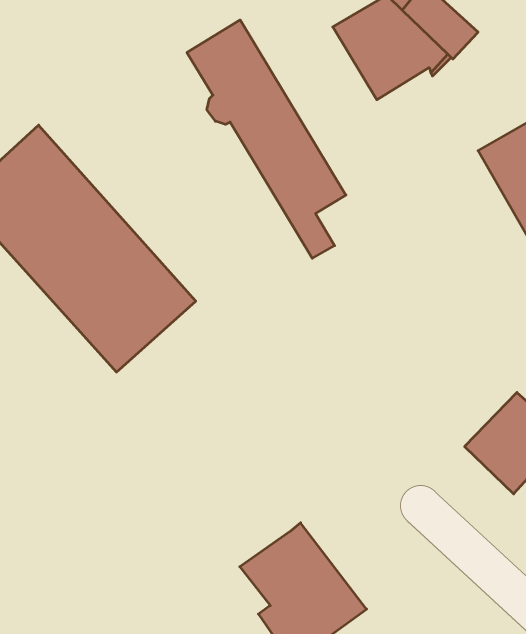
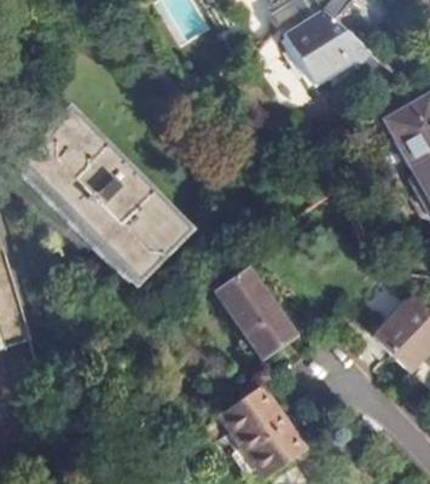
building: [187,20,346,258] -> none
building: none -> [215,267,294,358]

